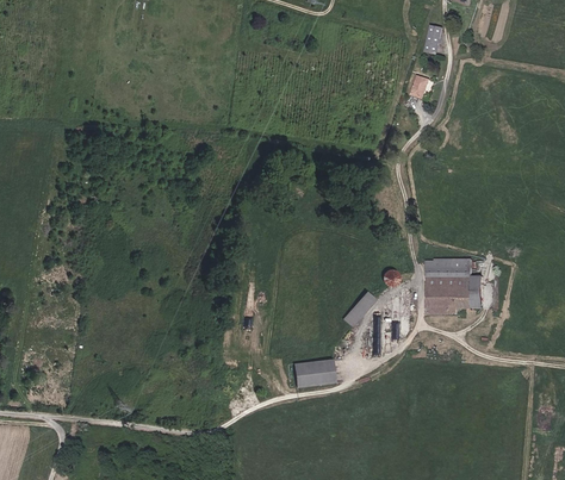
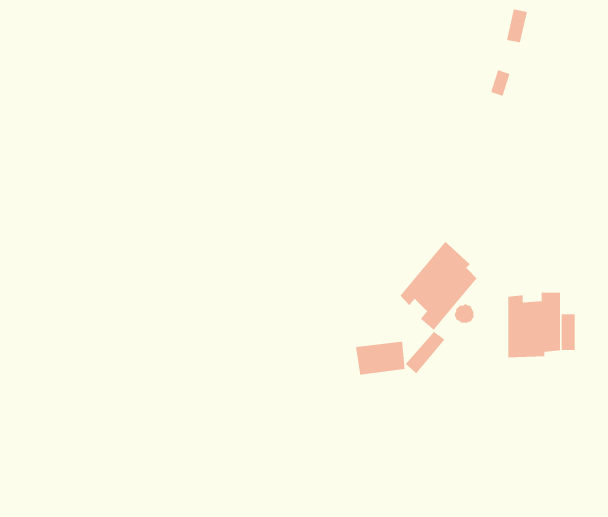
building: none -> [400,241,477,331]
building: [291,359,333,387] -> [355,341,406,375]

